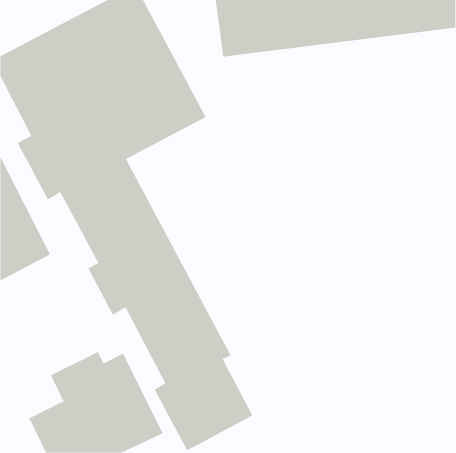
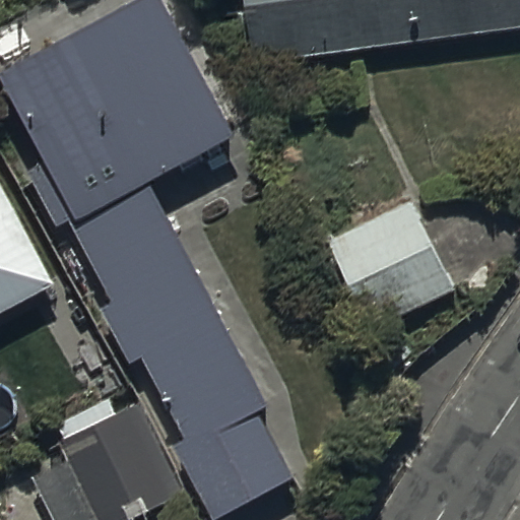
building: none -> [323,199,456,336]

